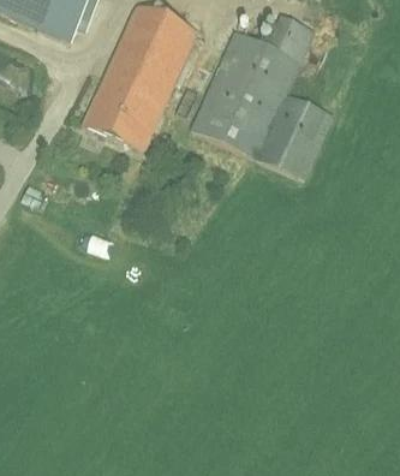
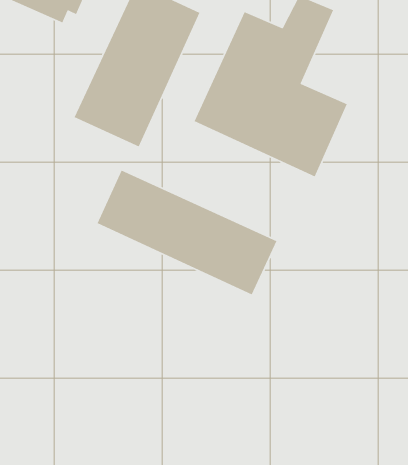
building: none -> [97,169,278,296]

